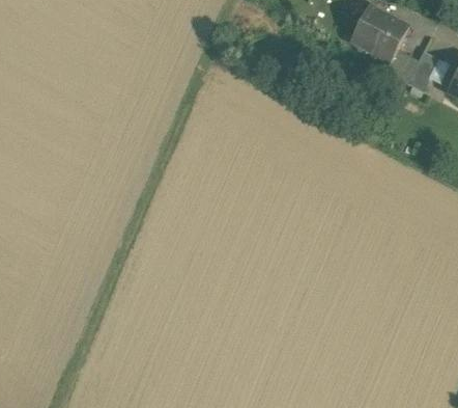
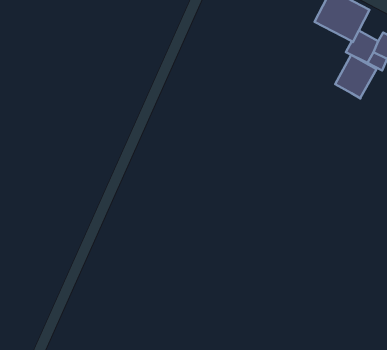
building: none -> [335,55,376,98]

